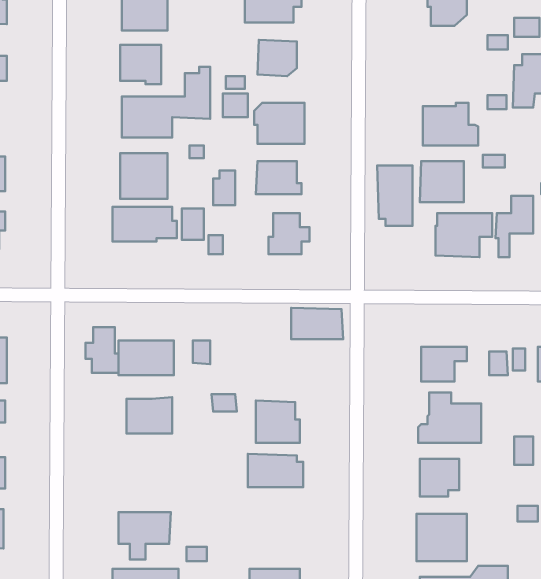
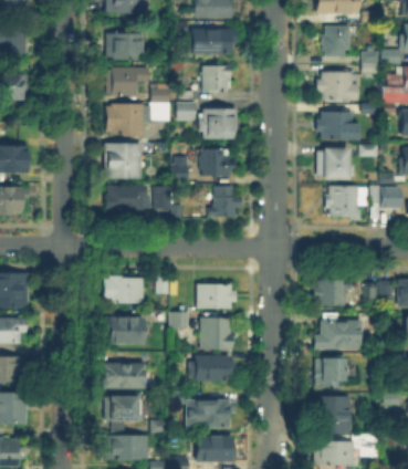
building: none -> [317,72,356,100]
building: [377,165,412,226] -> none
building: [291,308,343,339] -> [197,284,233,306]
building: [86,327,119,373] -> none
building: none -> [104,365,144,387]
building: none -> [174,392,234,427]

